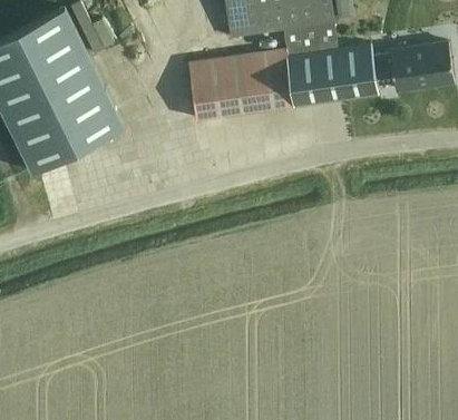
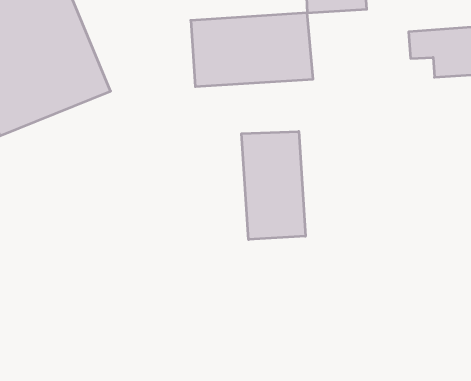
building: [285,42,377,105] -> none
building: none -> [242,131,305,240]

